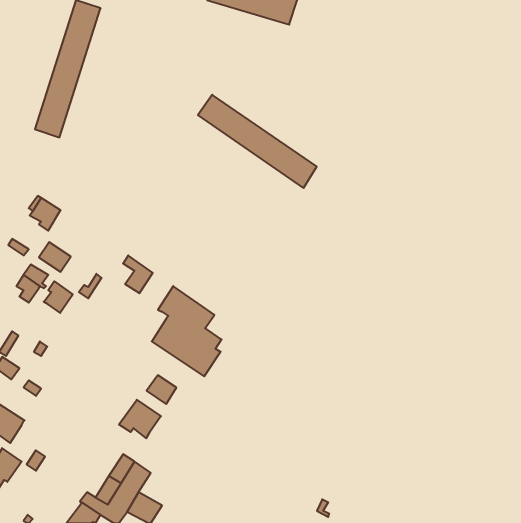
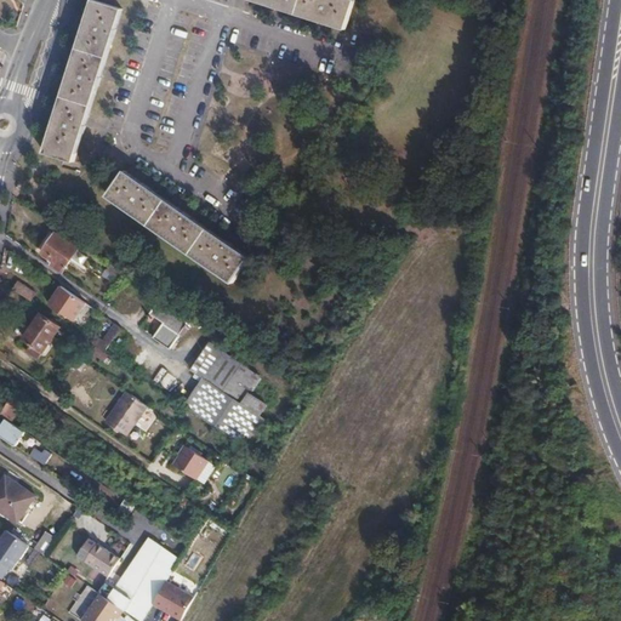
building: [198,95,317,188] -> [106,172,246,283]
building: [44,281,73,313] -> none
building: none -> [106,391,146,433]
building: [119,400,161,438] -> none
building: none -> [74,541,118,577]

